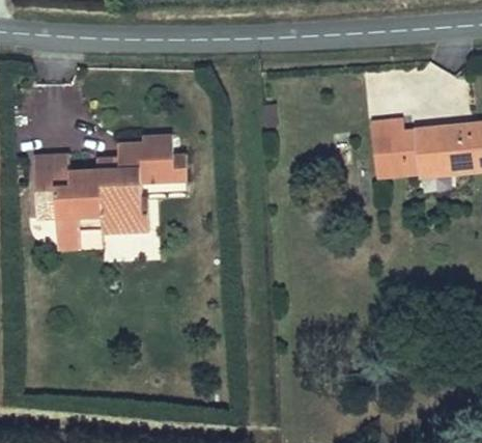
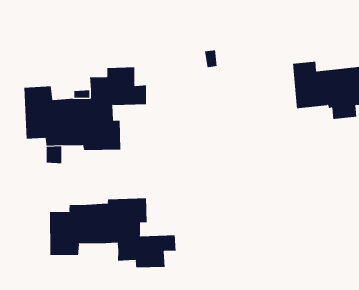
building: none -> [49,197,176,268]

